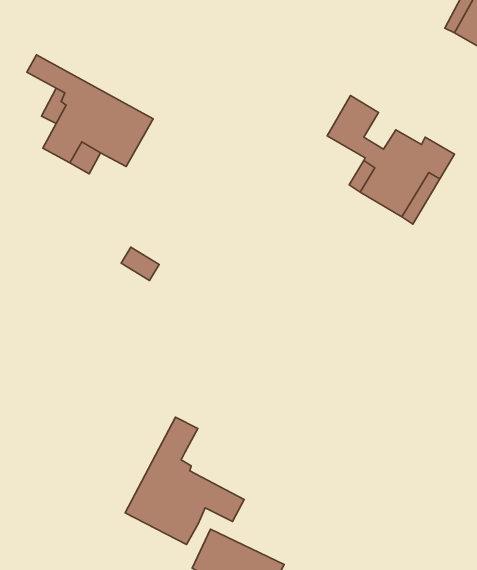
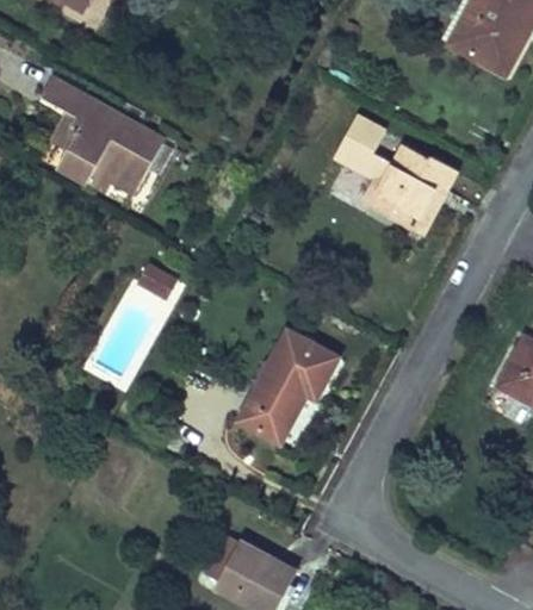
building: none -> [235,328,334,447]
building: [125,417,244,545] -> none

